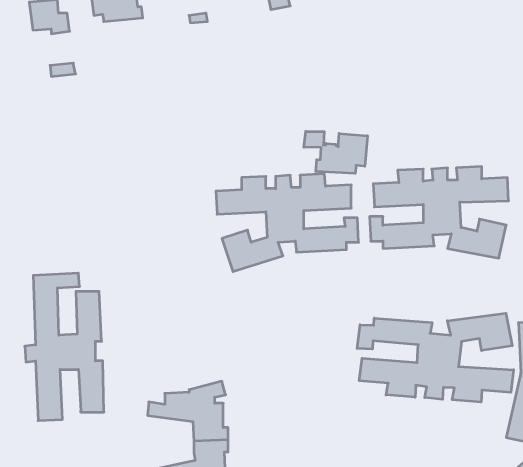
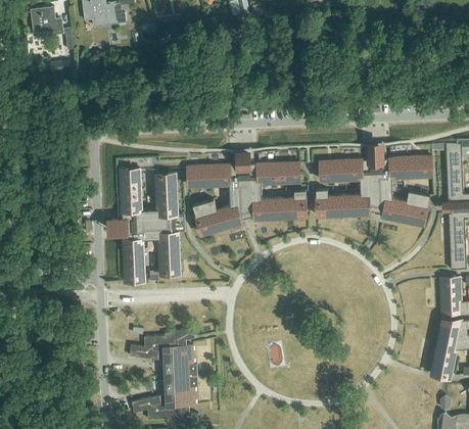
building: [304,131,367,173] -> none
building: [25,273,104,421] -> [110,159,177,283]
building: [357,313,514,402] -> none

